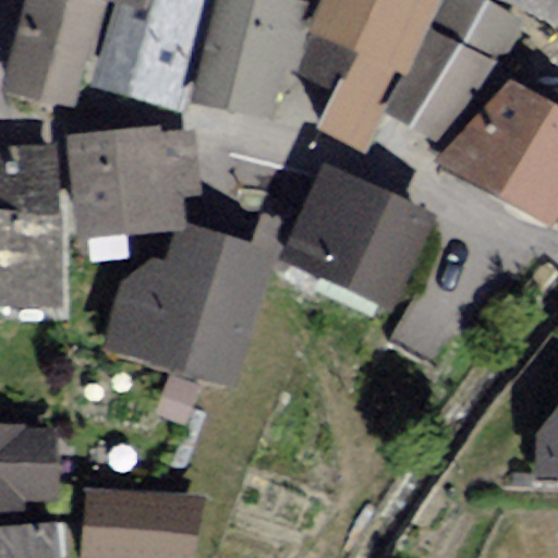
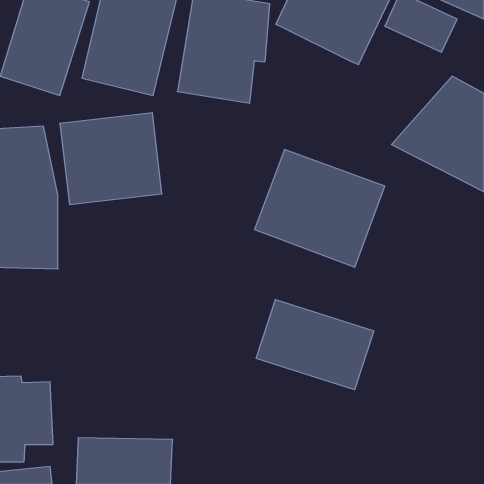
building: [299,31,396,142] -> none
building: [391,36,490,144] -> none
building: [106,223,277,381] -> none
building: none -> [256,299,374,390]

